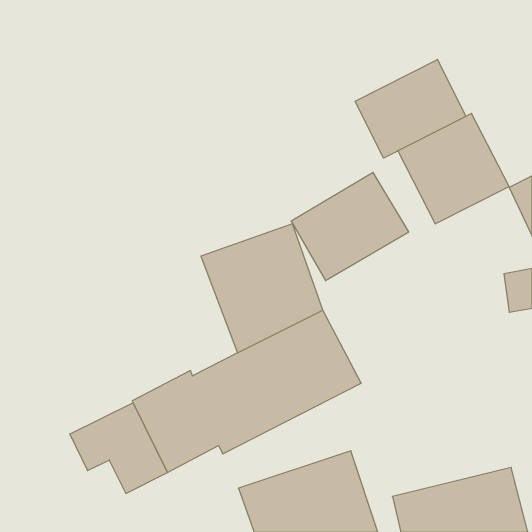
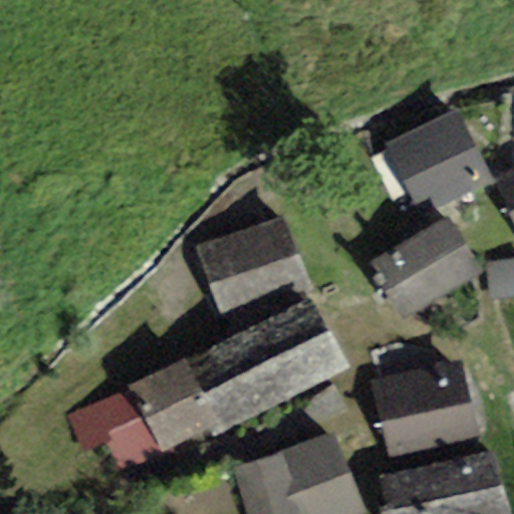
building: [355,59,466,158] -> none
building: [291,172,409,281] -> [368,216,482,320]
building: none -> [369,363,480,459]

